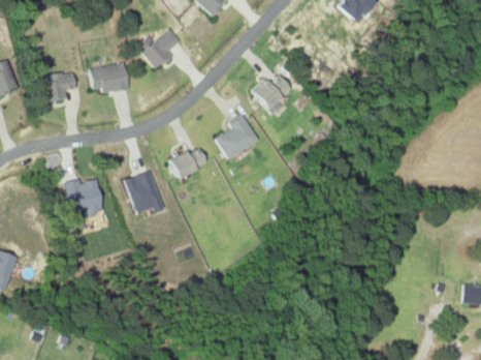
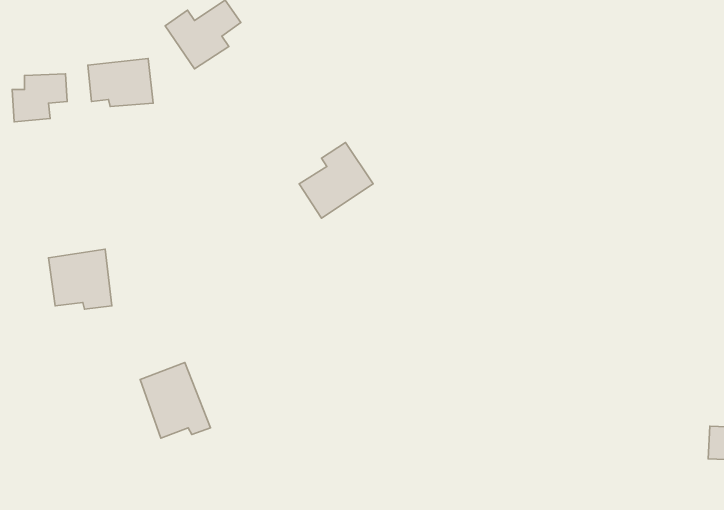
building: [250,74,291,116] -> none
building: [165,146,209,179] -> none
building: [123,169,165,214] -> [140,362,211,438]

